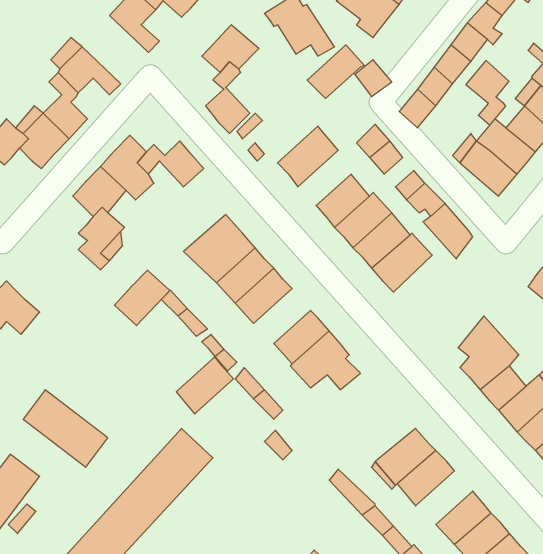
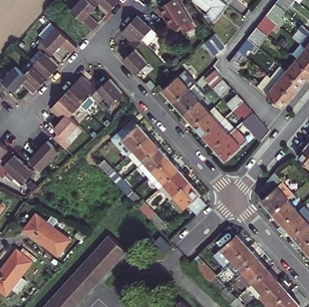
building: [307,45,364,98] -> [173,85,204,114]
building: [466,61,509,125] -> none
building: [114,270,170,326] -> [28,141,58,172]
building: [176,357,233,414] -> [148,160,180,191]
building: none -> [237,259,268,289]

